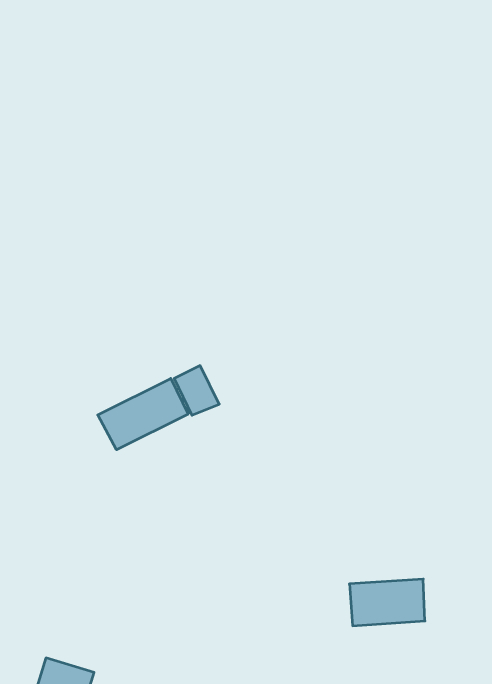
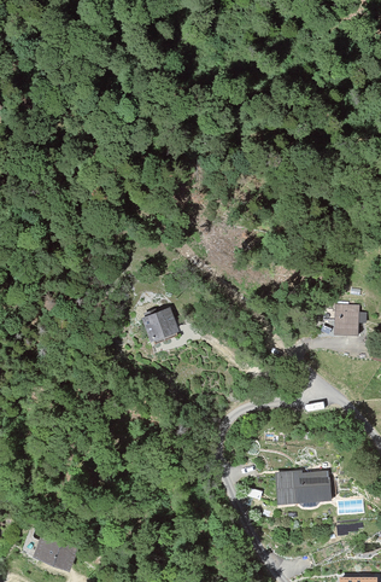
building: none -> [330,303,358,334]
building: [98,378,188,450] -> none

